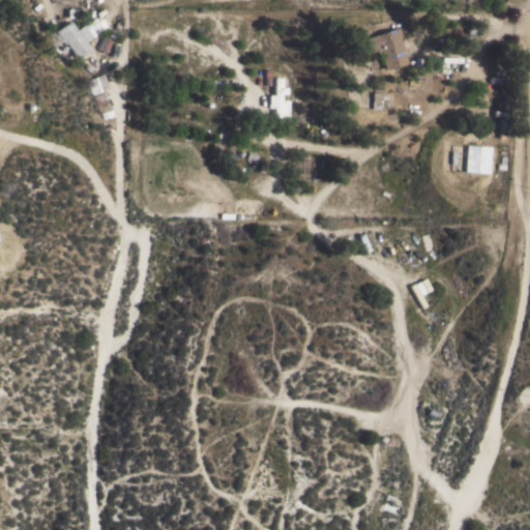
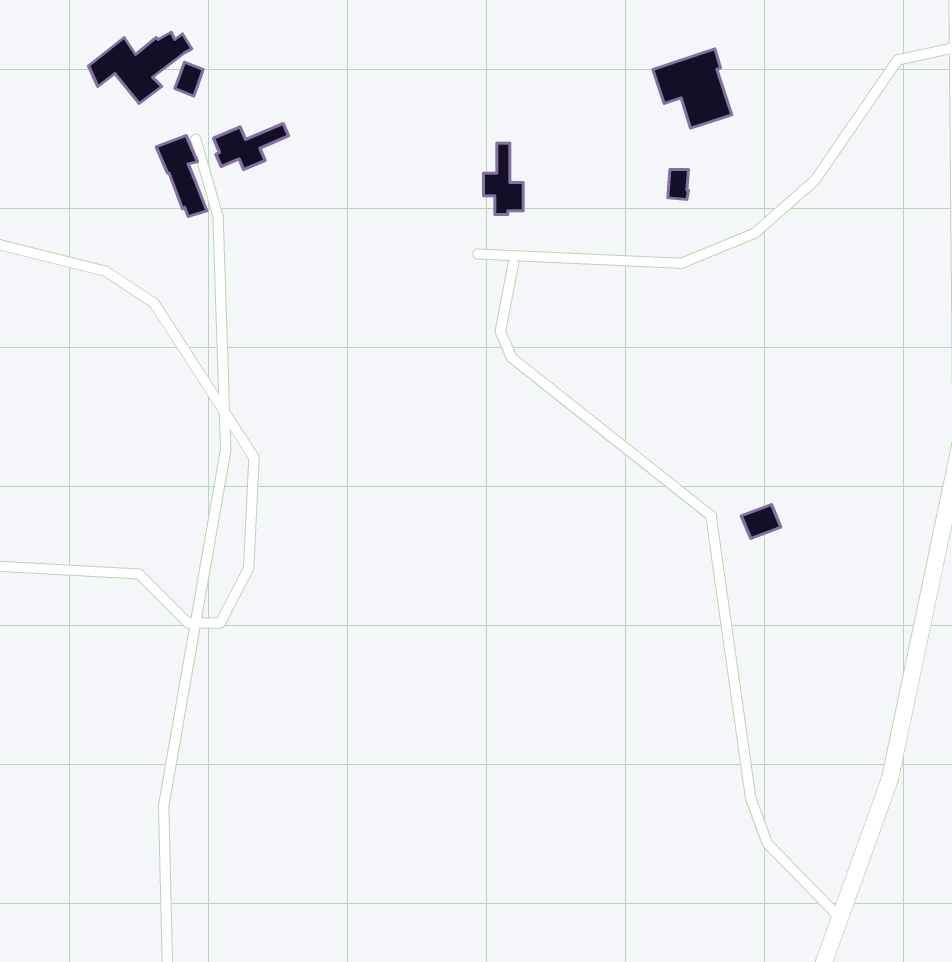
building: none -> [213,123,288,170]
building: [467,145,494,174] -> none

